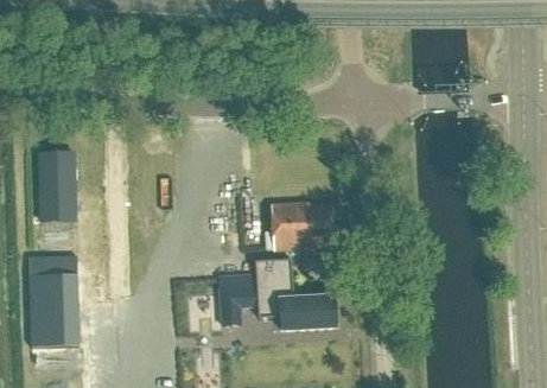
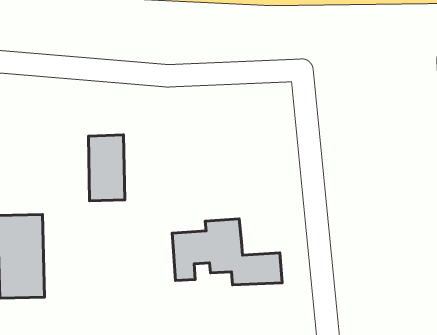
building: [39,151,78,222] -> [88,135,125,201]
building: [271,202,335,249] -> none

